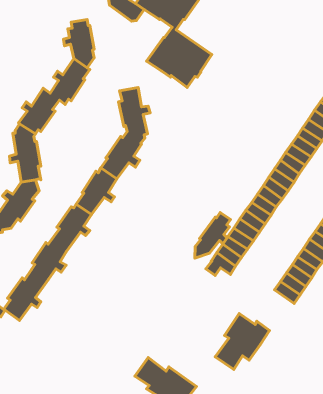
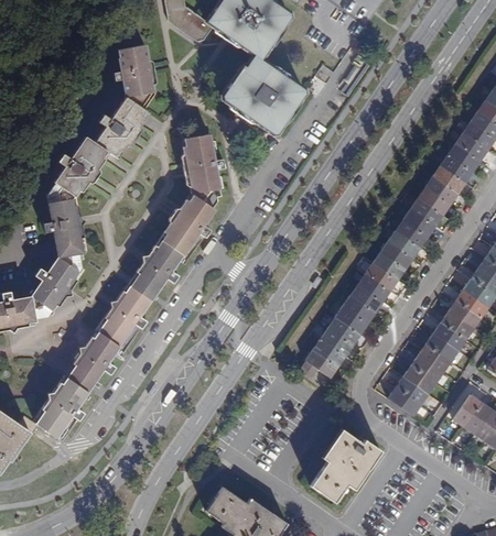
building: [195,212,230,258] -> none

